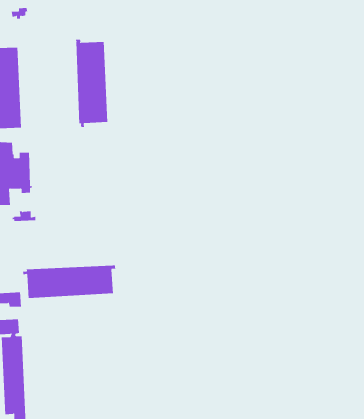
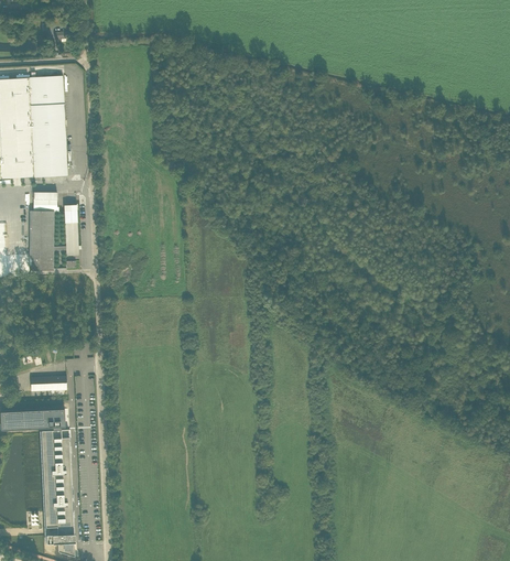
building: [76,39,108,128] -> none
building: [23,264,116,299] -> none

